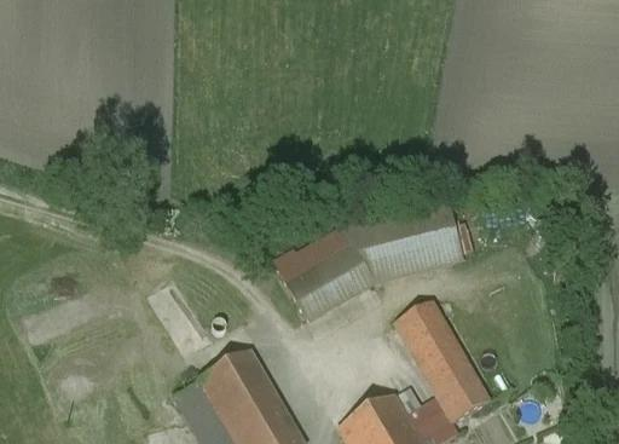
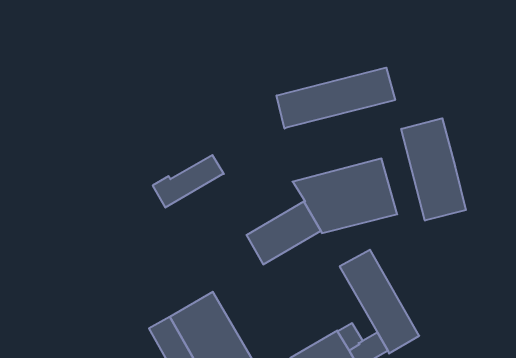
building: none -> [277,68,395,129]
building: none -> [401,118,466,221]
building: [273,221,355,282] -> [153,155,224,208]

